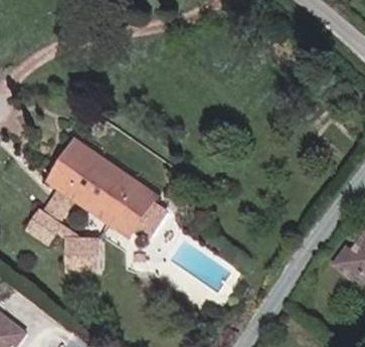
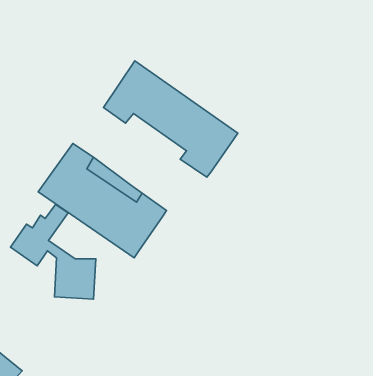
building: none -> [104,61,238,177]
building: [128,201,167,245] -> none

